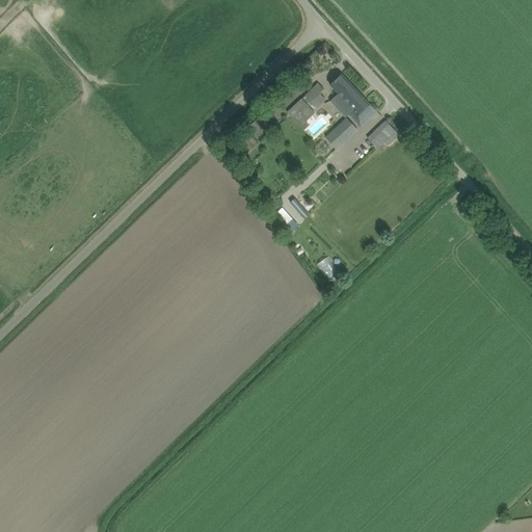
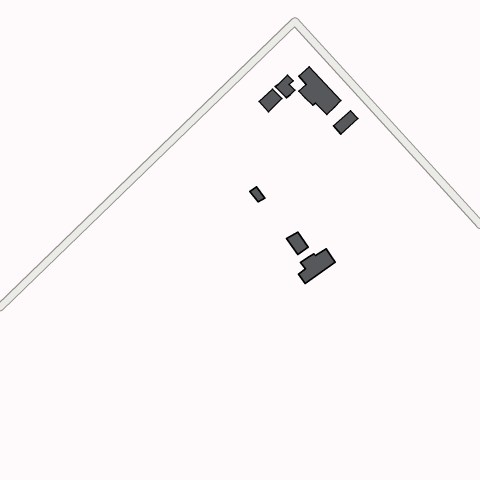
building: [325,118,357,151] -> none
building: none -> [298,249,335,283]

